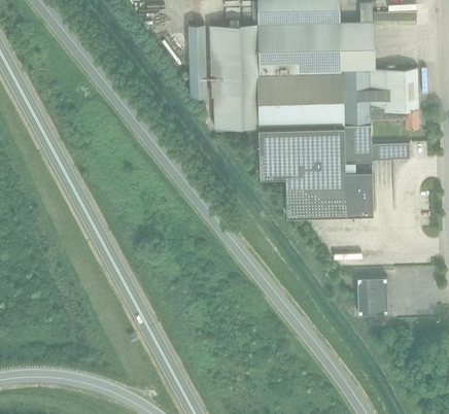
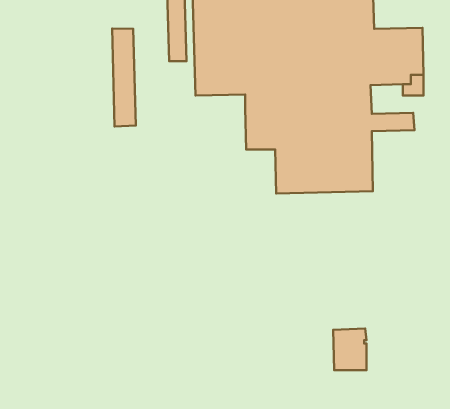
building: none -> [112,28,136,127]
building: [357,278,387,315] -> [333,329,366,370]

